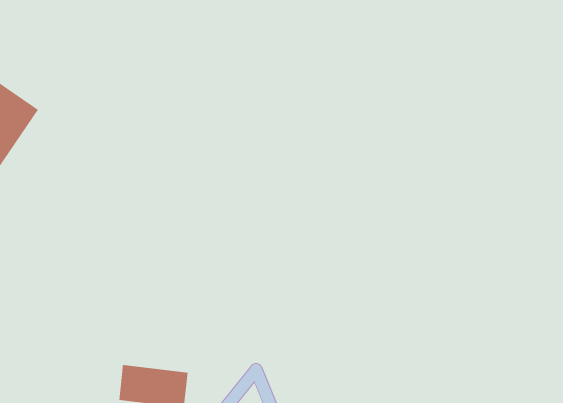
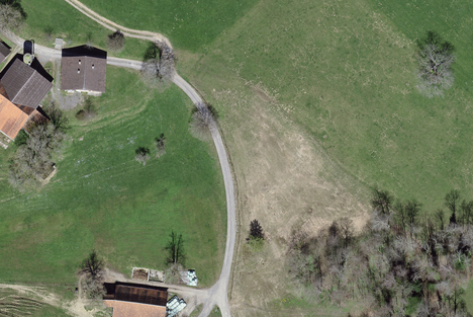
building: none -> [60,57,104,97]

